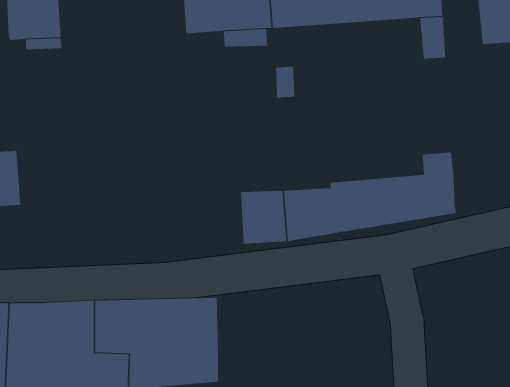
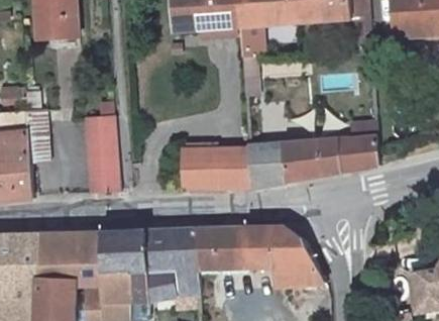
building: none -> [84,116,118,193]
building: none -> [182,149,217,190]
building: none -> [198,227,326,287]

